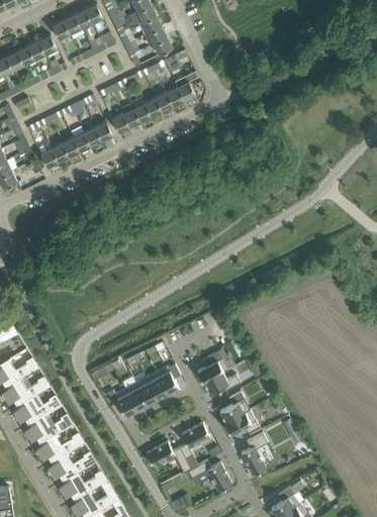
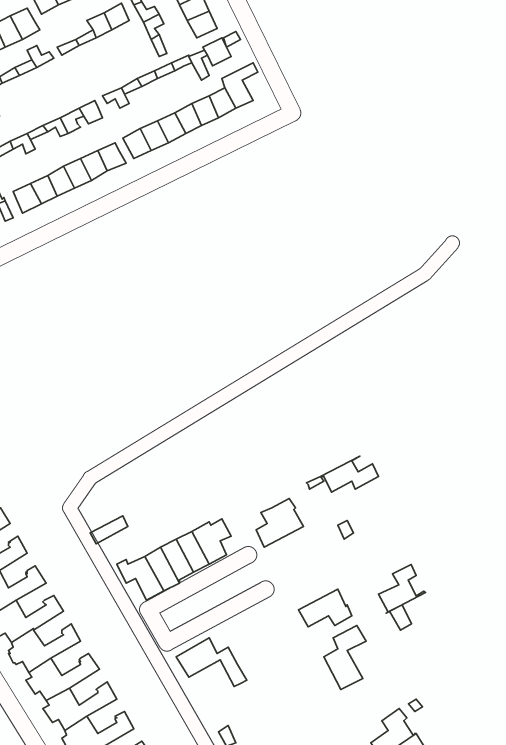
building: [202,371,240,394] -> [321,456,379,492]
building: [219,393,250,424] -> [378,564,425,613]
building: [179,424,209,459] -> none
building: [187,461,231,492] -> none

